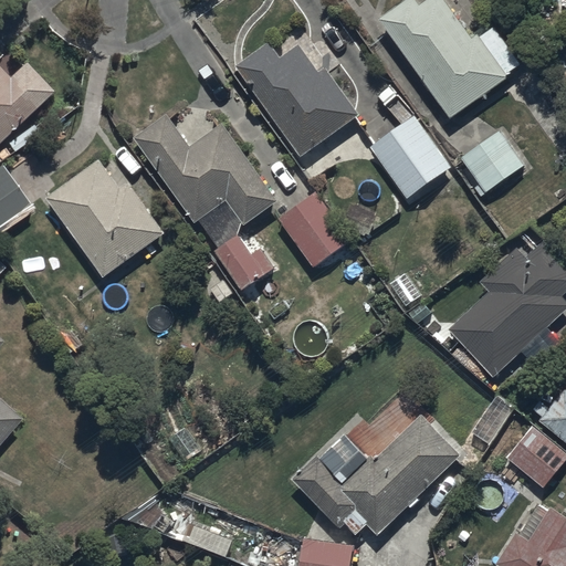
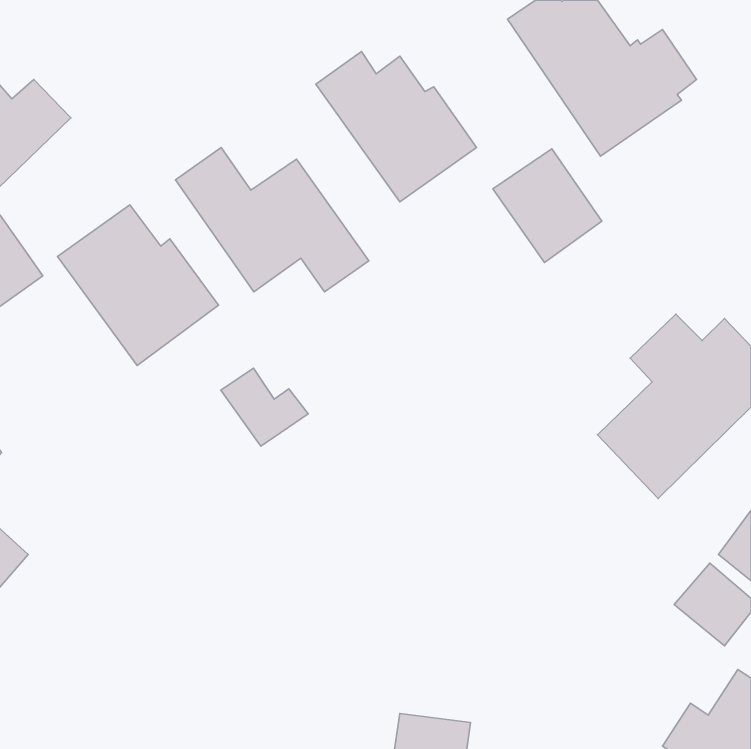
building: [450,129,525,195] -> none
building: [276,189,353,268] -> none
building: [212,232,277,291] -> [221,368,308,446]
building: [290,416,461,536] -> none

